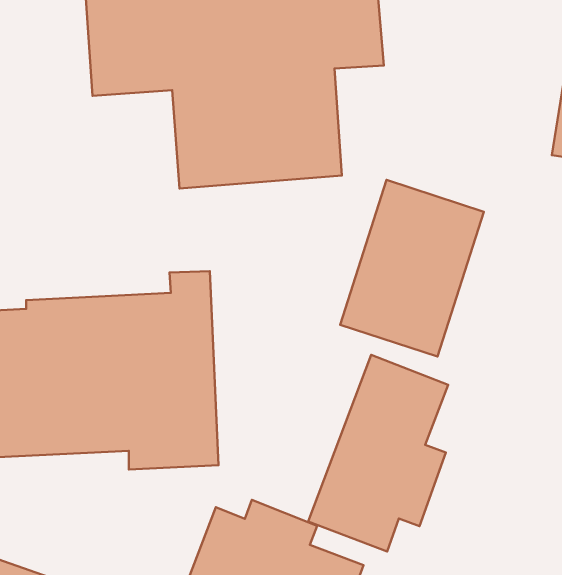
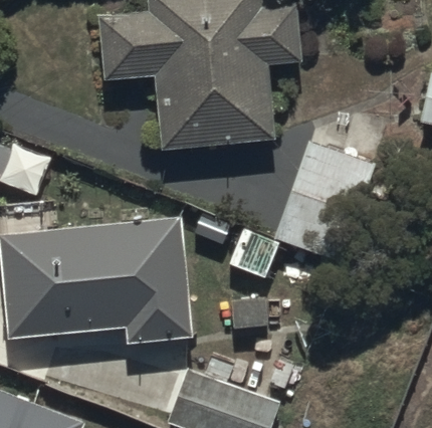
building: [308,355,448,551] -> none

